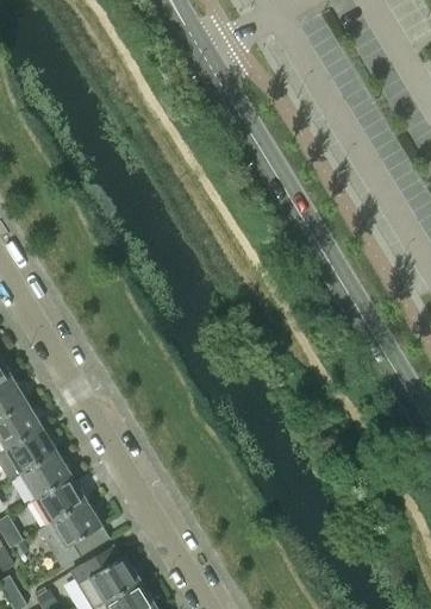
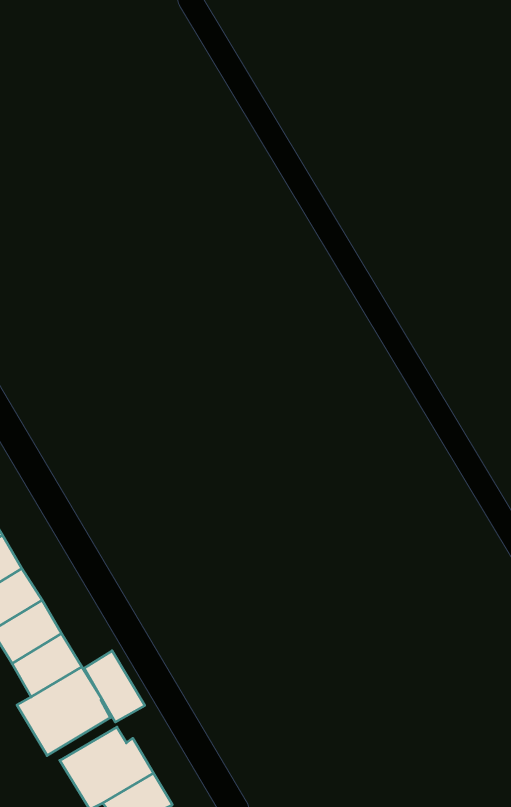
building: none -> [84,651,145,722]

